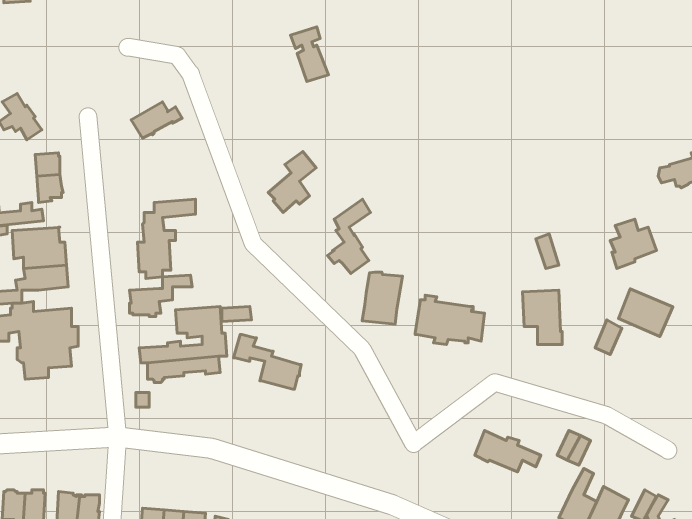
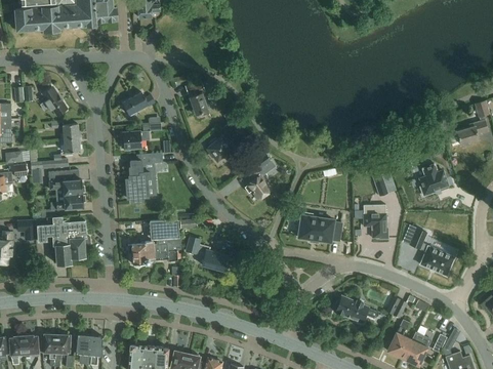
building: [290,27,328,81] -> [184,81,208,115]
building: [362,272,402,324] -> none
building: [129,275,192,316] -> [122,124,161,150]
building: [618,289,673,337] -> [420,246,454,276]

